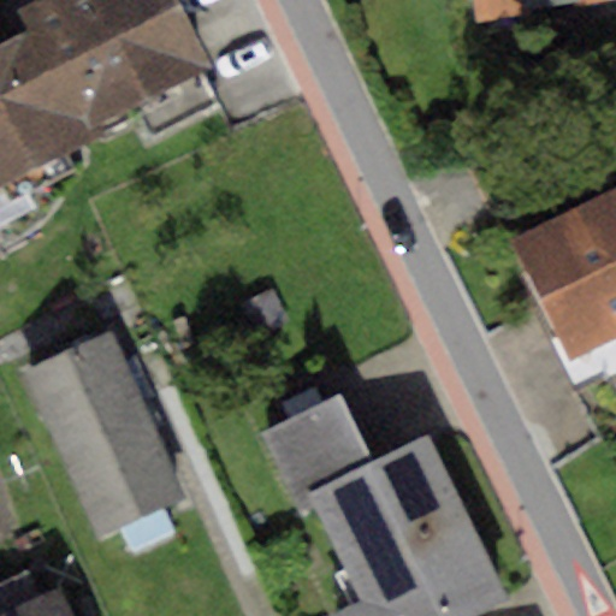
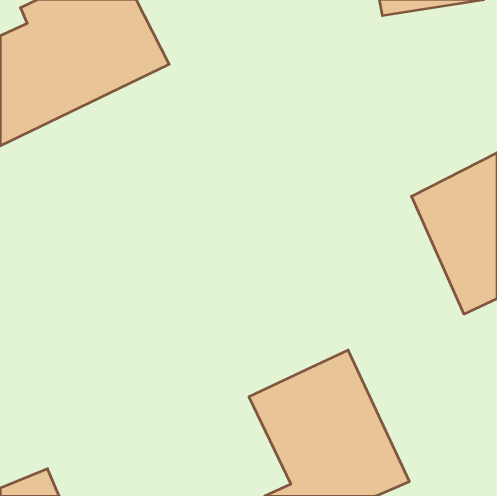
building: [20,333,180,534] -> none
building: [259,392,372,499] -> none

